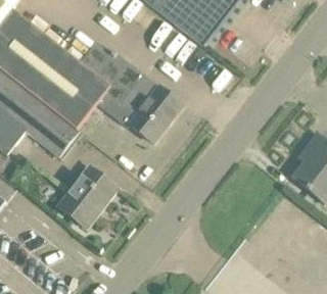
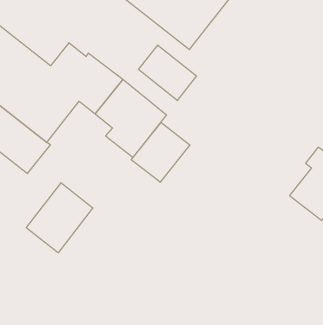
building: none -> [139,45,197,101]
building: none -> [131,122,190,182]

